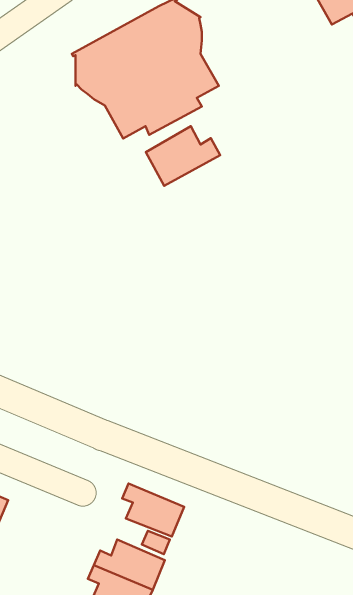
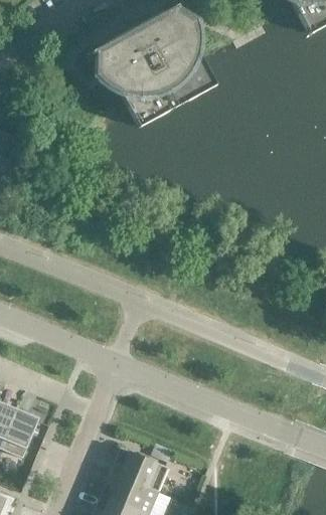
building: [146,126,220,186] -> none
building: [122,483,184,537] -> none

